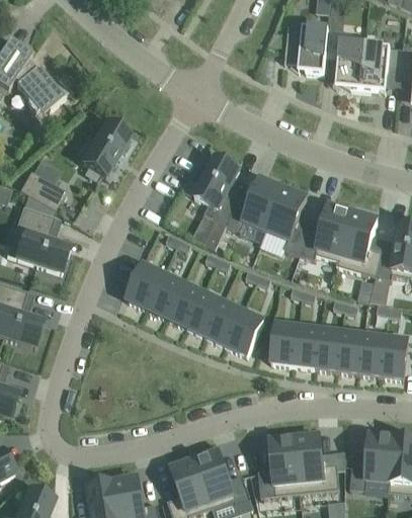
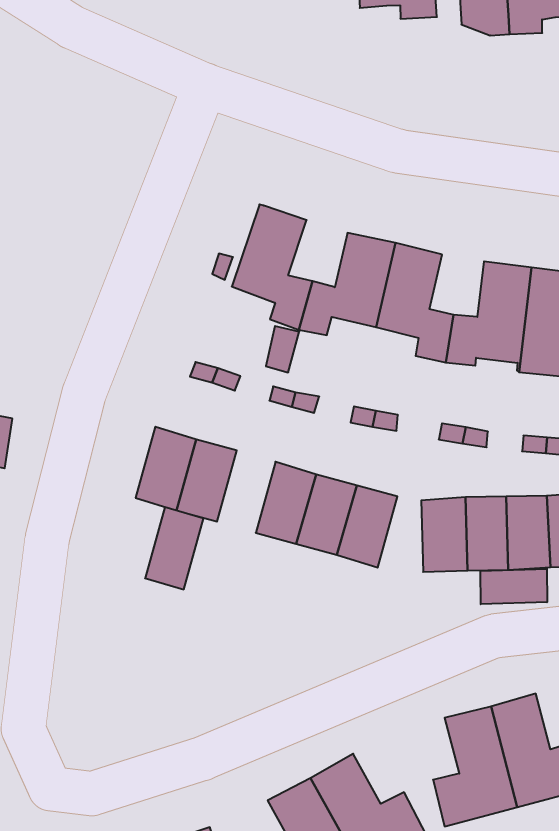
building: [83,120,132,176] -> none
building: [168,282,203,327] -> [145,507,203,589]
building: none -> [480,569,547,604]

